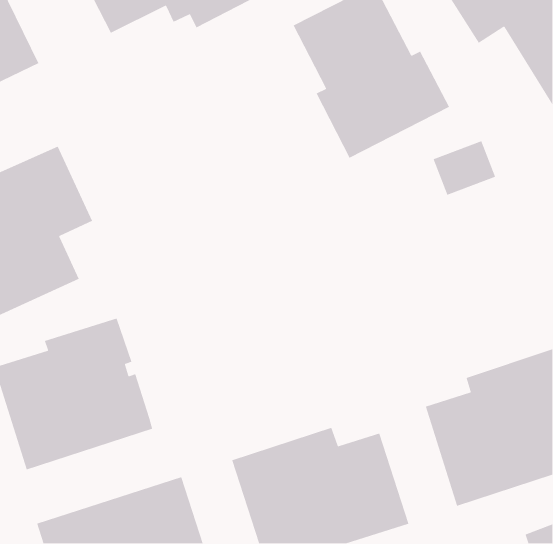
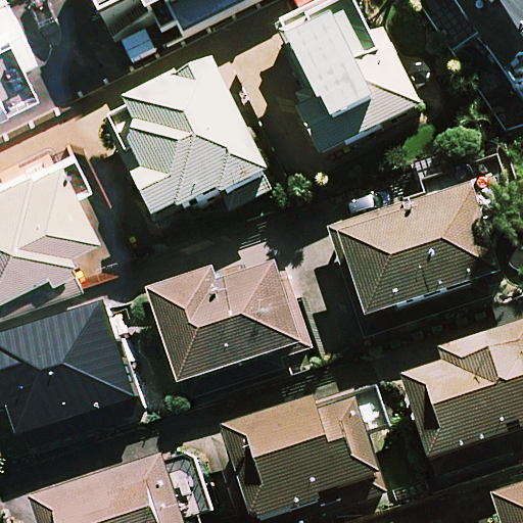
building: none -> [109,57,270,211]
building: none -> [324,178,498,333]
building: none -> [154,256,306,388]

